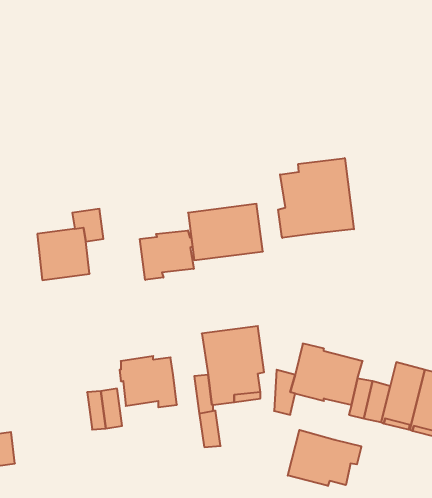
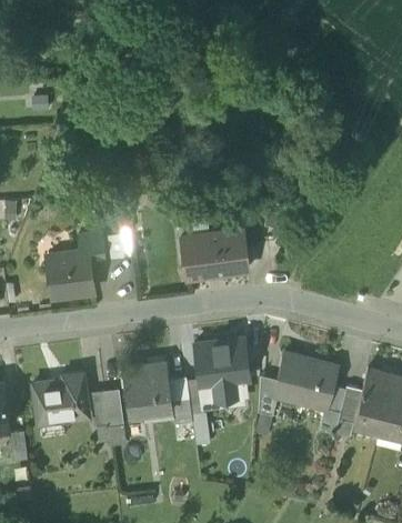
building: [278,158,354,238] -> none
building: [140,230,194,280] -> none
building: none -> [32,374,89,425]
building: none -> [168,380,192,428]
building: [288,430,361,486] -> none

